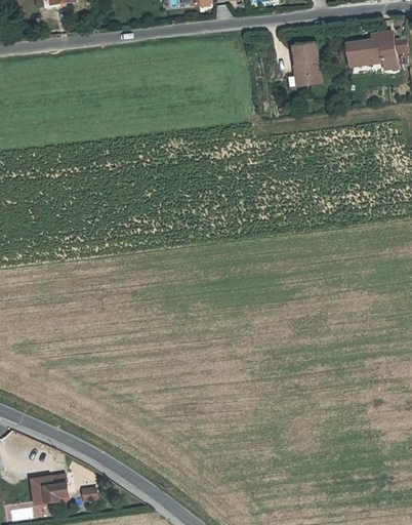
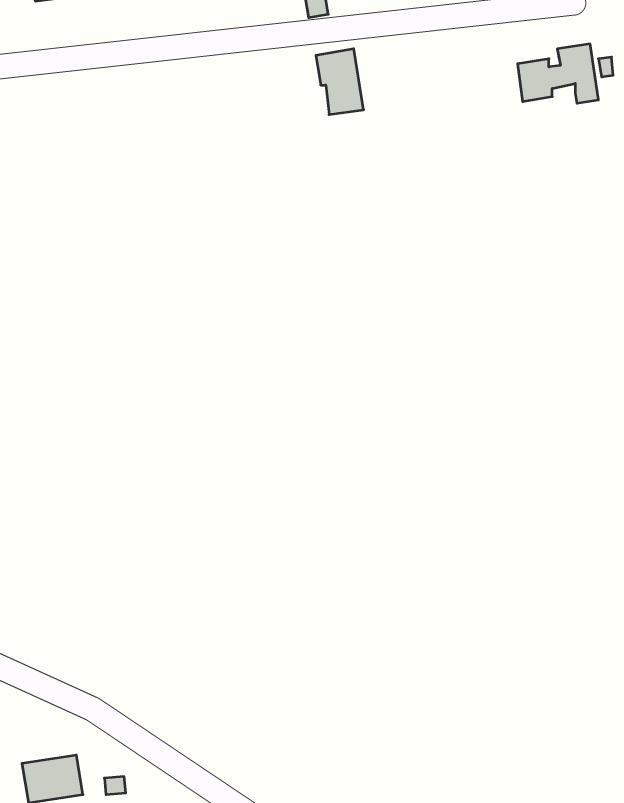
building: [289,44,319,85] -> [316,49,364,115]

